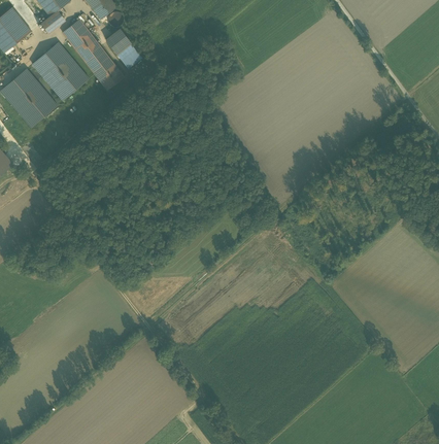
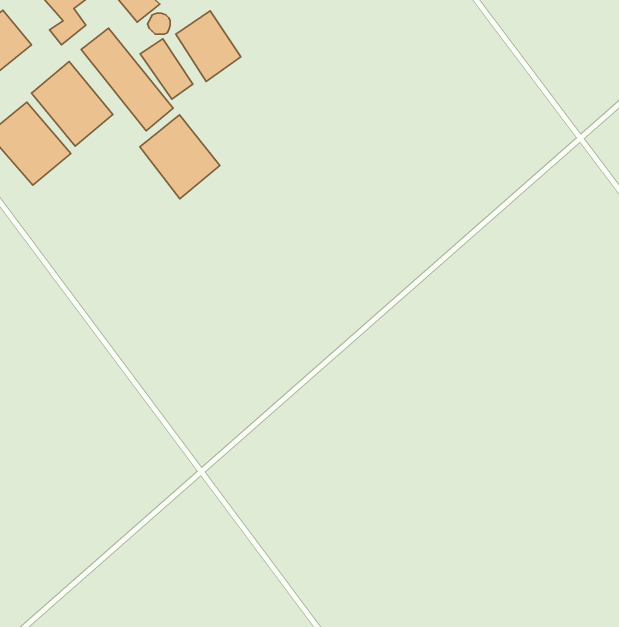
building: none -> [176,11,241,81]
building: none -> [140,115,220,199]

